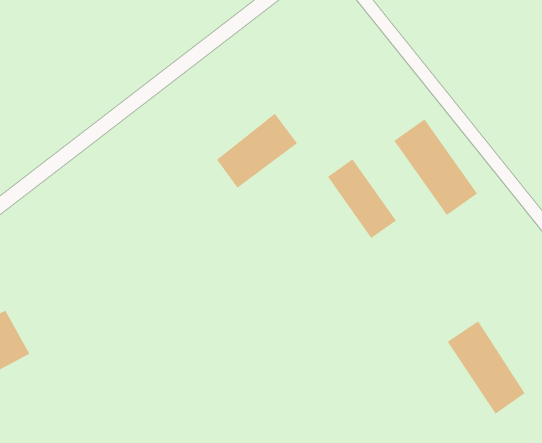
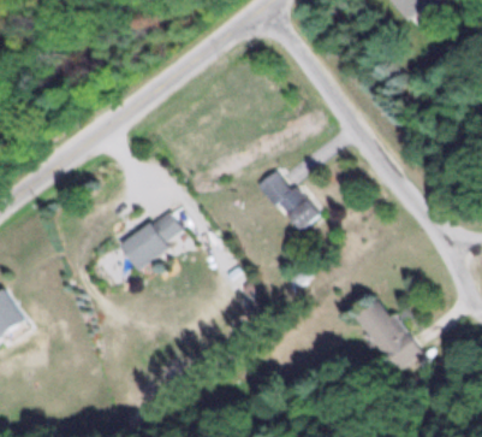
building: [216,113,298,189] -> [120,209,185,270]
building: [394,119,478,216] -> none

